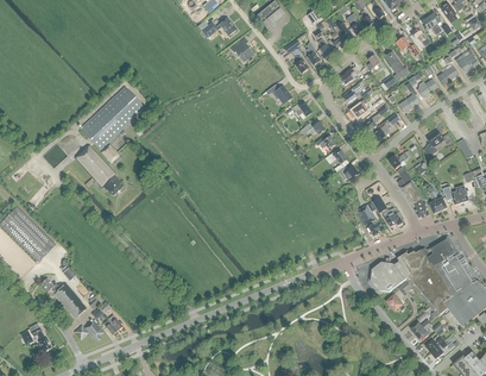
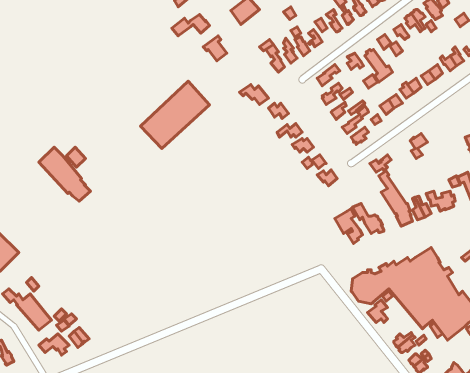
building: [80,84,145,149] -> [141,81,209,149]

